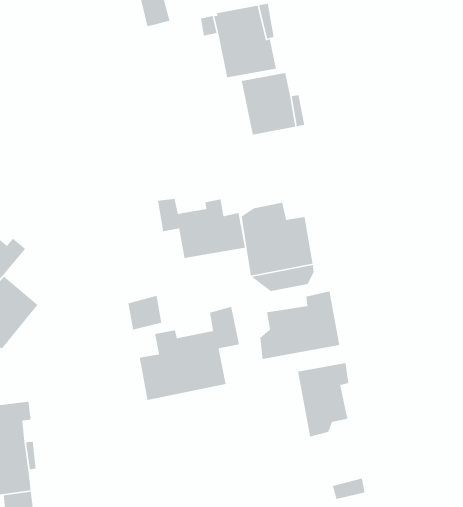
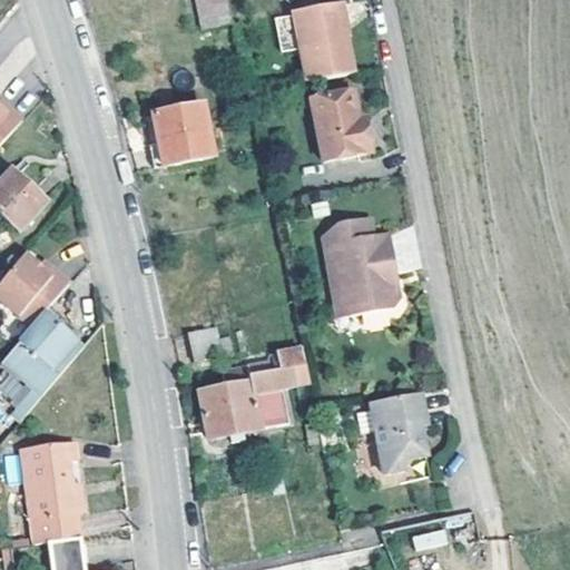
building: none -> [153,104,214,167]
building: [157,198,246,259] -> none
building: [260,291,340,360] -> none

